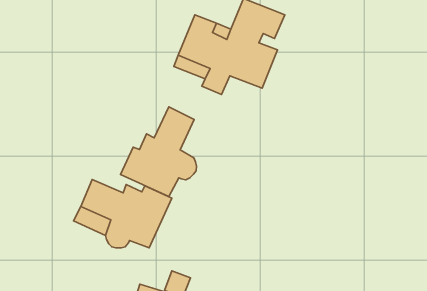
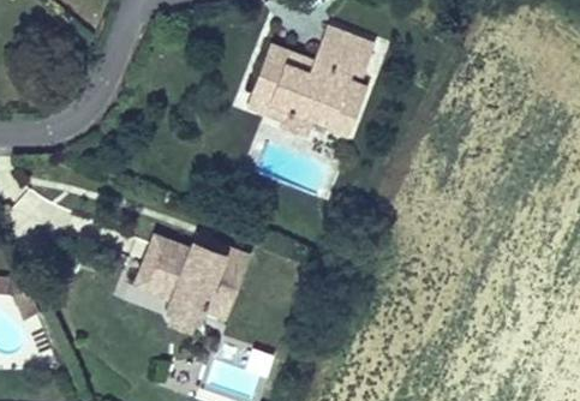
building: [121,107,197,197] -> none

